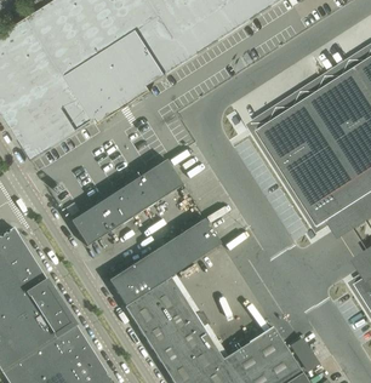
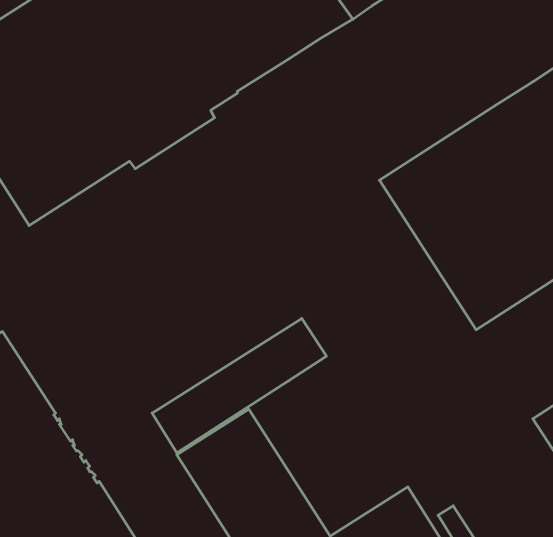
building: [70,159,183,245] -> none

